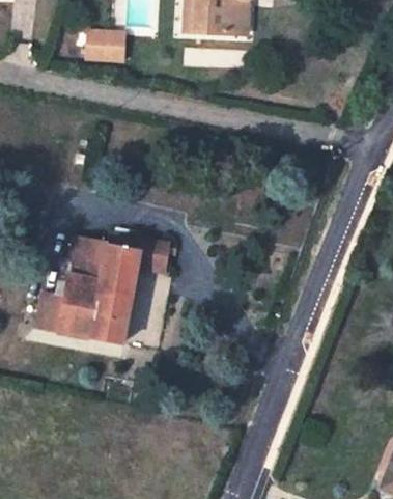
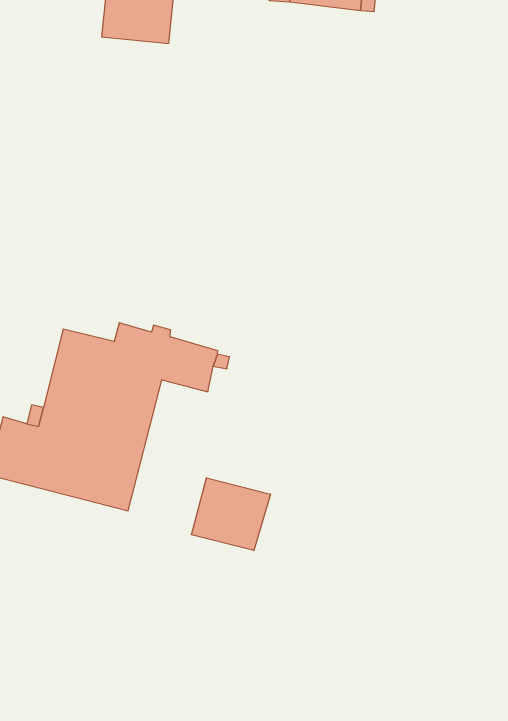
building: none -> [192,478,271,551]

